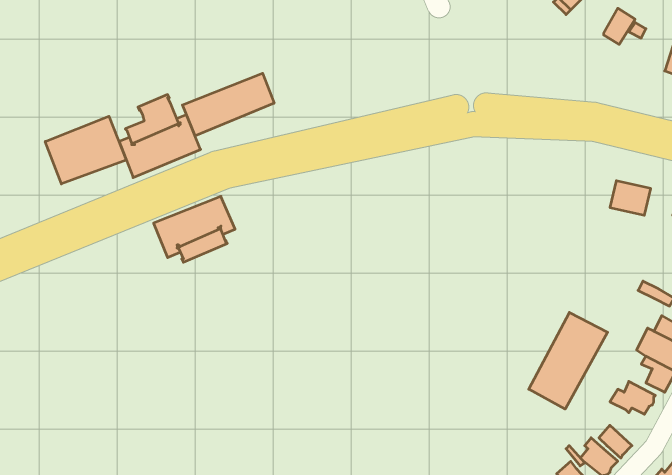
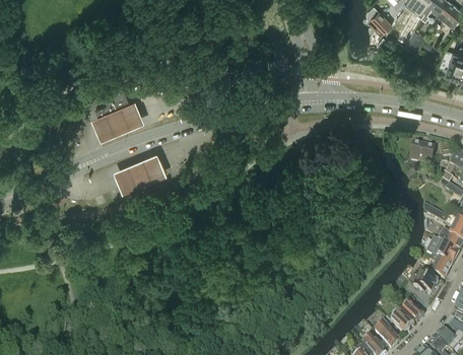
building: [182,73,274,136] -> none
building: [45,116,126,184] -> none
building: [529,312,608,409] -> none

